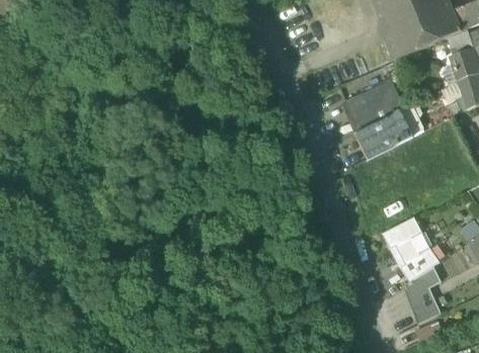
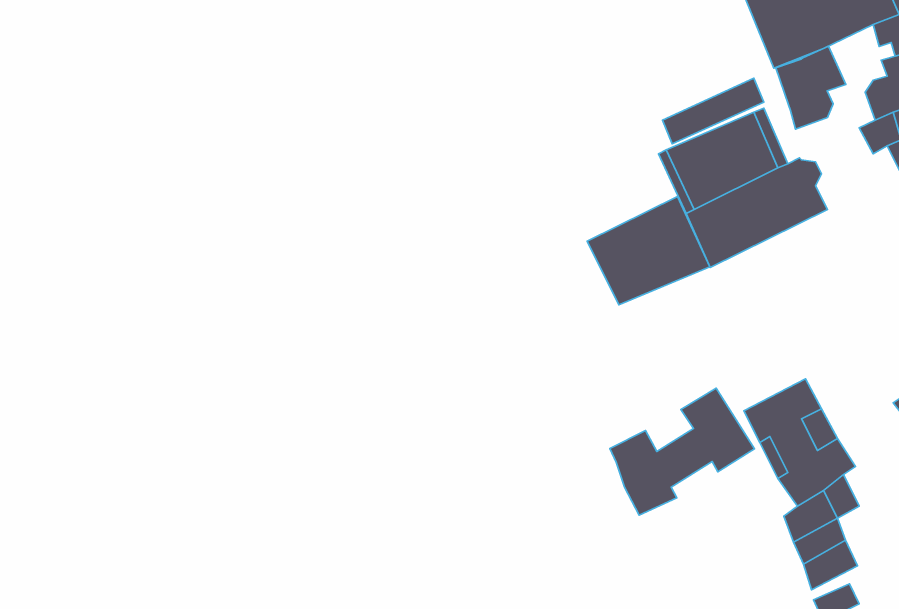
building: none -> [776,46,846,129]
building: none -> [587,197,710,305]
building: none -> [610,388,754,515]

